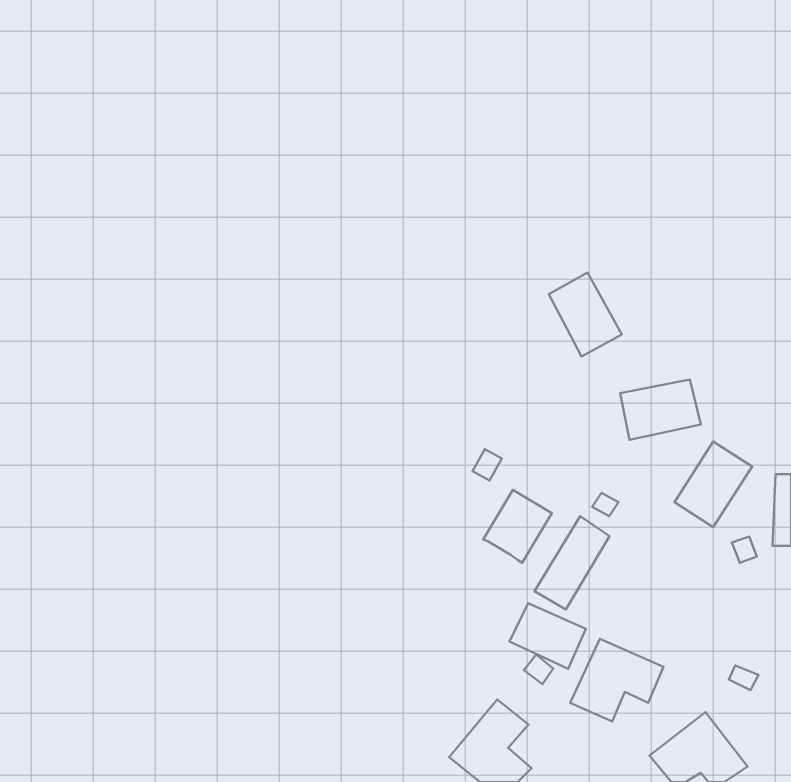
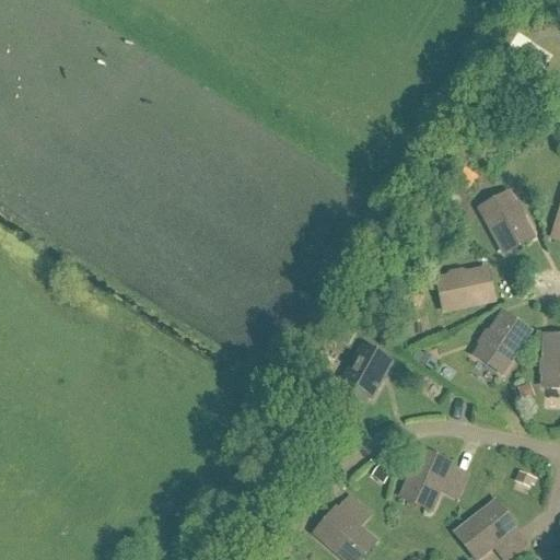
building: [549,272,622,356] -> [480,191,532,250]
building: [535,516,609,610] -> none
building: [510,603,586,669] -> none

